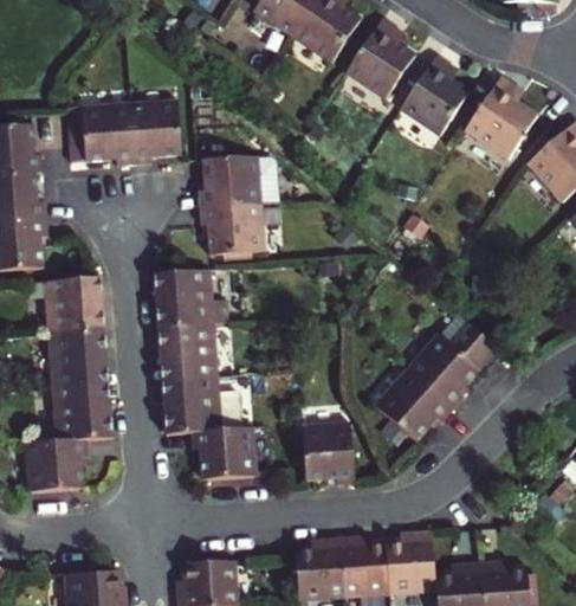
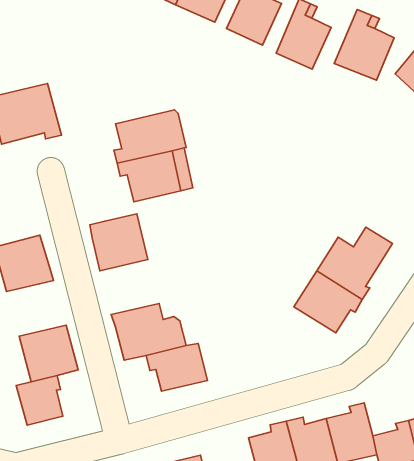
building: [132,101,182,166] -> none
building: [156,324,218,380] -> none
building: [46,330,108,387] -> none
building: [300,424,355,485] -> none

